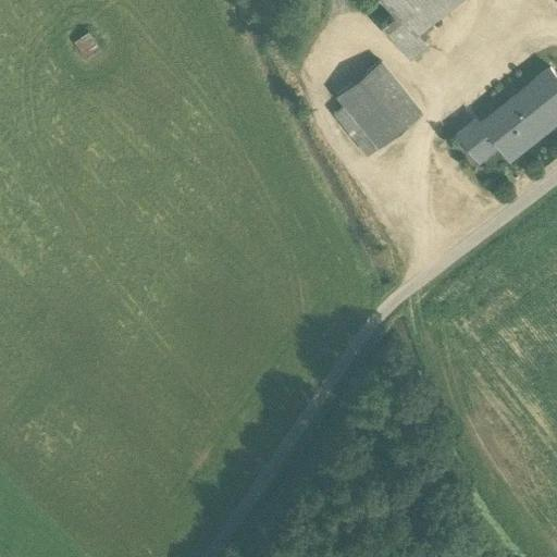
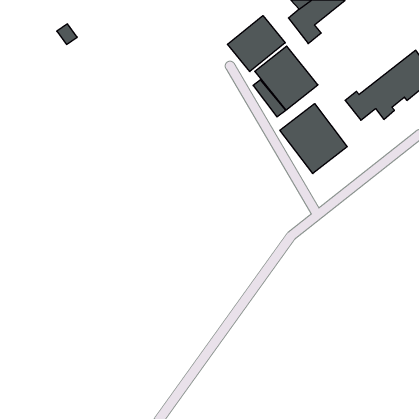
building: none -> [227,16,285,72]
building: none -> [280,104,347,174]

